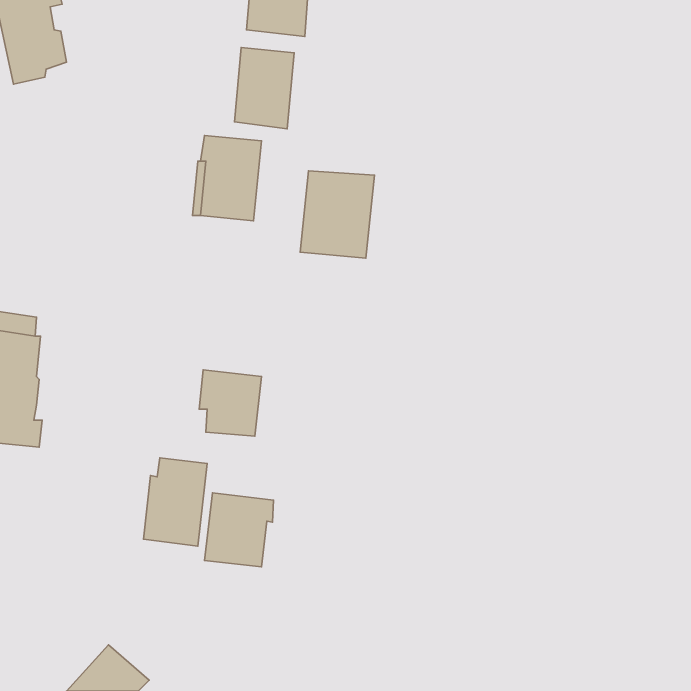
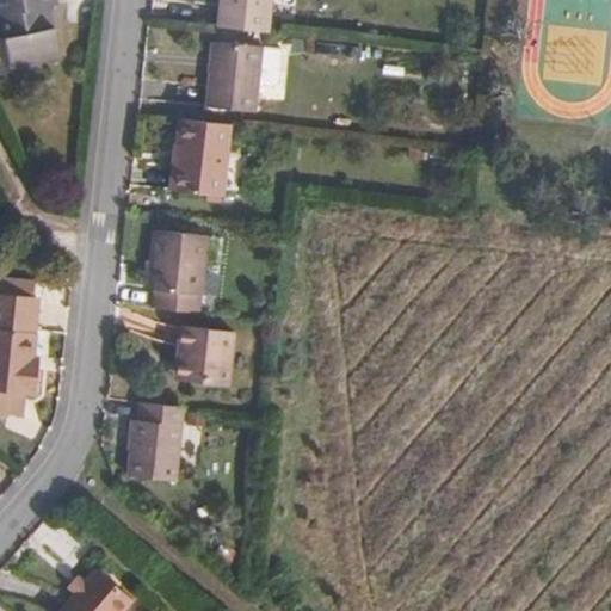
building: [300,171,374,258] -> none
building: none -> [148,230,205,313]
building: [205,493,274,567] -> none

